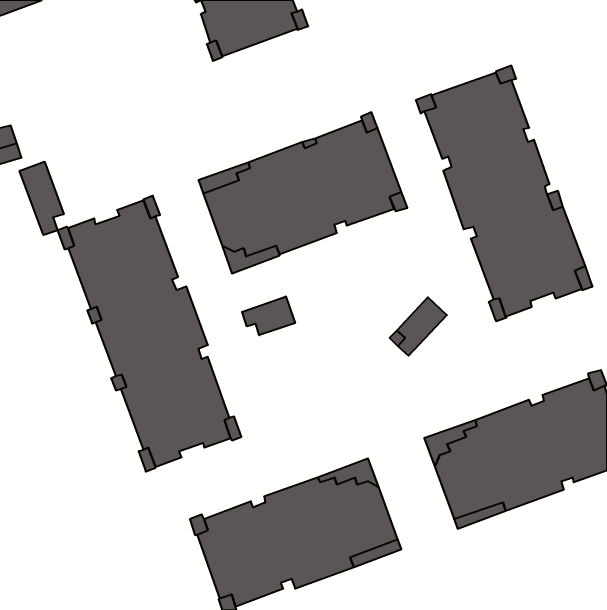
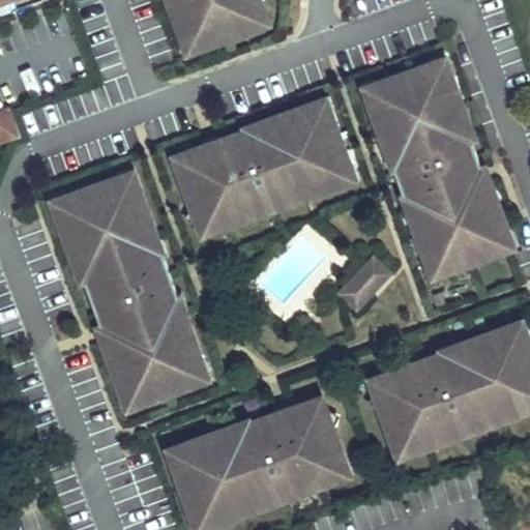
building: [20,162,64,235] -> none
building: [242,296,295,335] -> none

